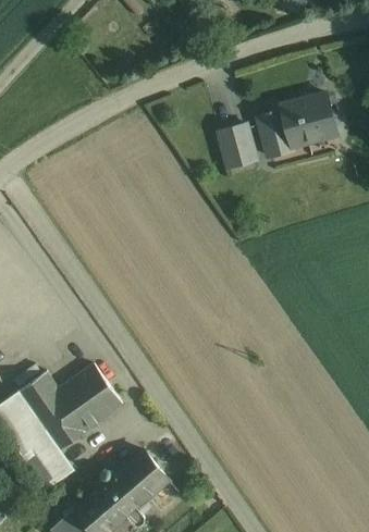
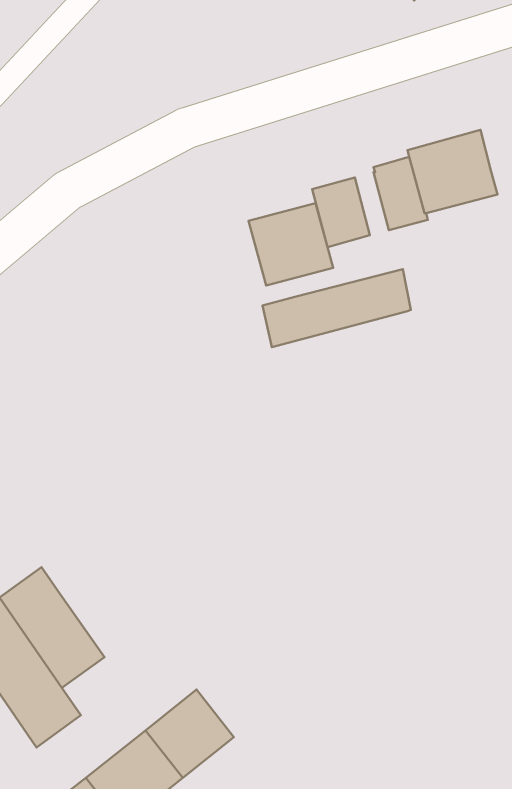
building: none -> [248,203,333,285]
building: none -> [262,269,411,347]
building: [58,364,122,431] -> none

